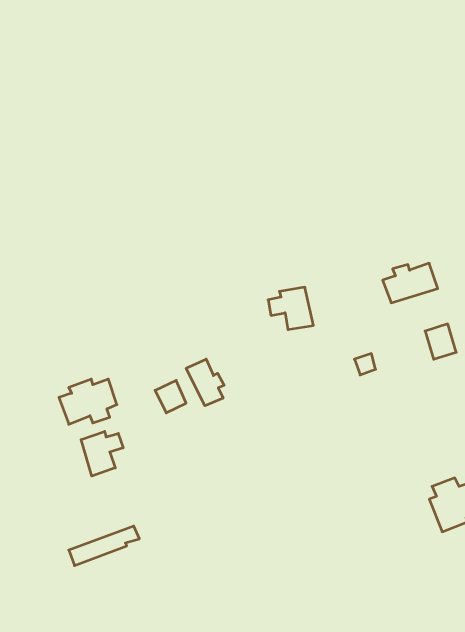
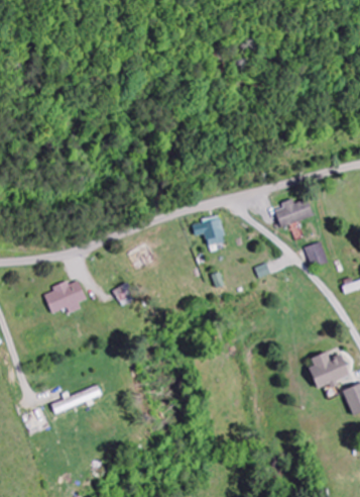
building: [186,359,224,406] -> none
building: [81,431,123,476] -> none

